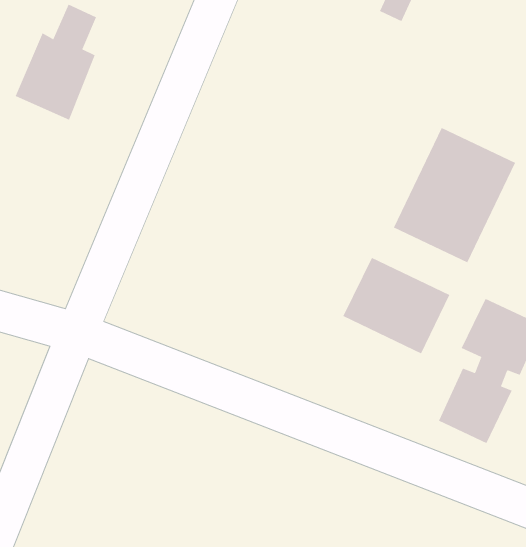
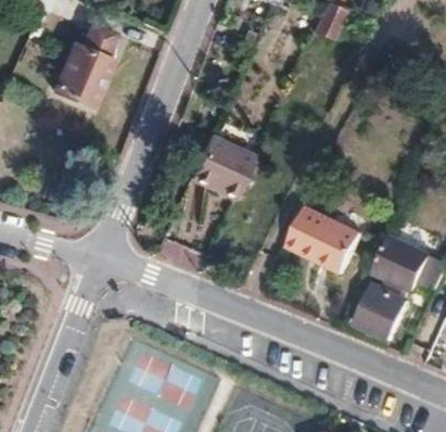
building: [393,127,516,263] -> none
building: none -> [189,138,254,202]

